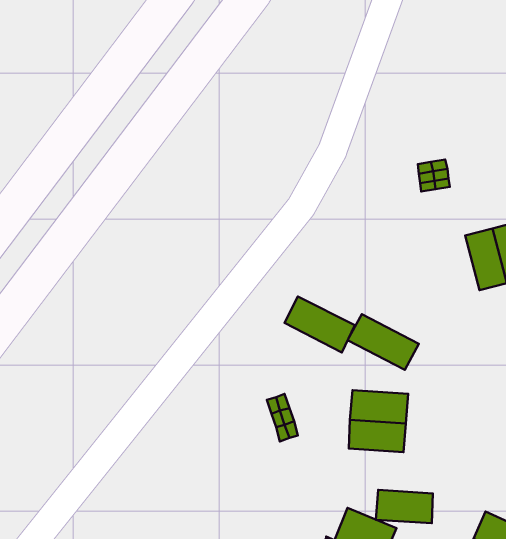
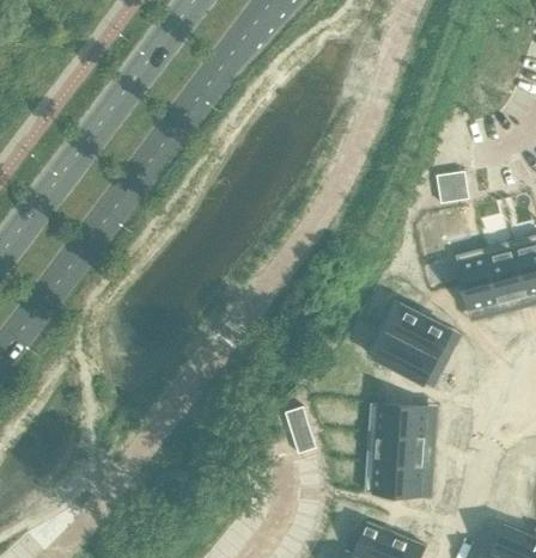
building: none -> [458,247,501,309]
building: [285,297,355,353] -> [383,300,453,356]
building: [376,490,433,523] -> [367,461,425,495]

